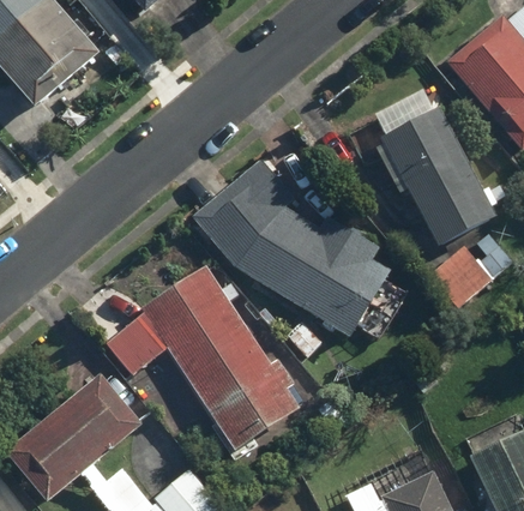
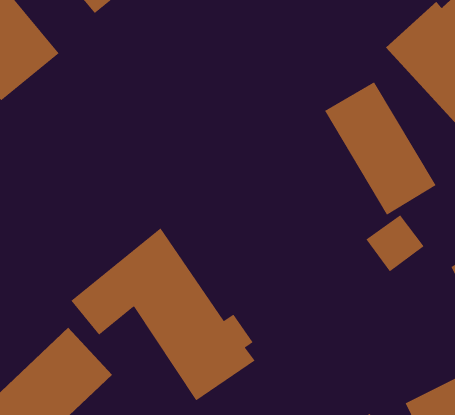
building: [193,156,393,338] -> none

